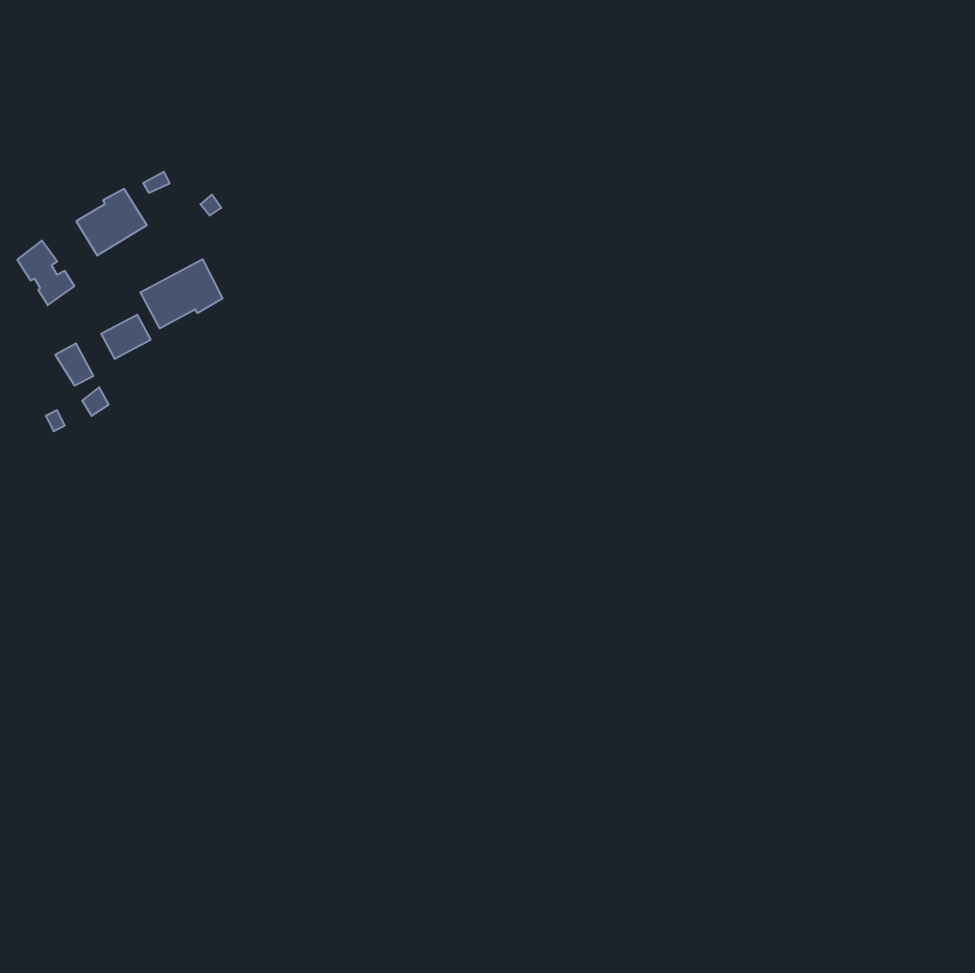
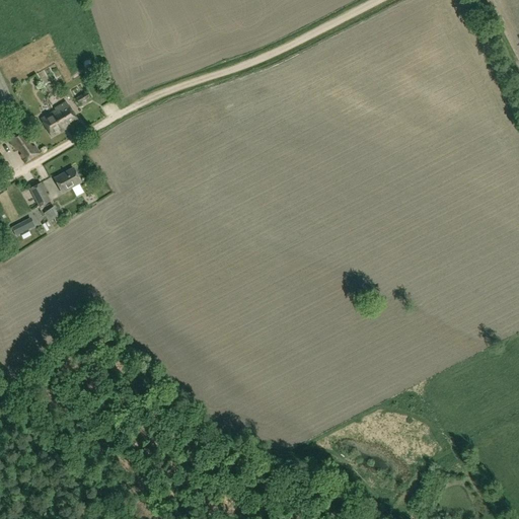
building: [140,259,223,328] -> none

